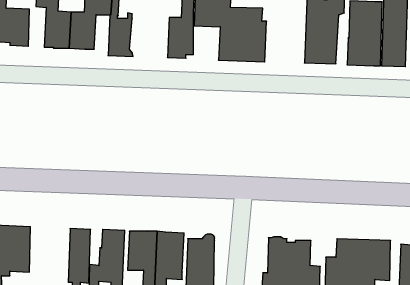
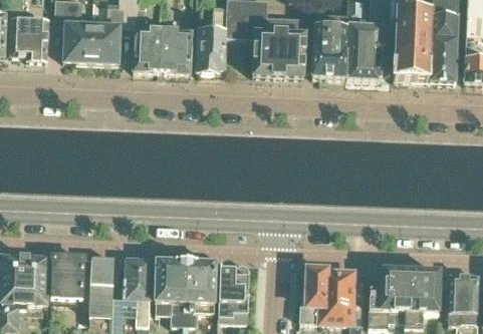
building: none -> [311,14,346,77]
building: none -> [156,29,191,71]
building: none -> [50,255,83,297]

